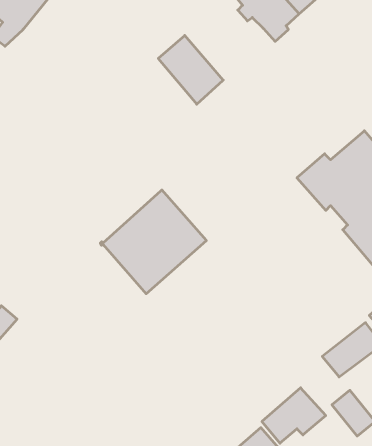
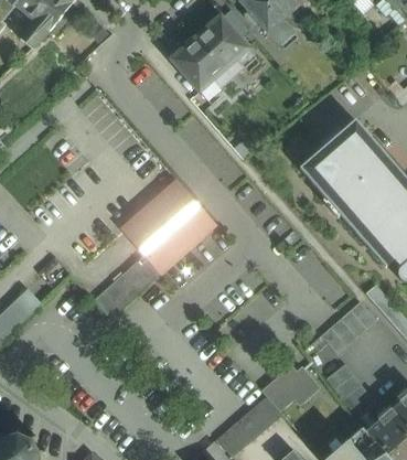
building: none -> [196,15,256,77]
building: none -> [94,254,160,318]

